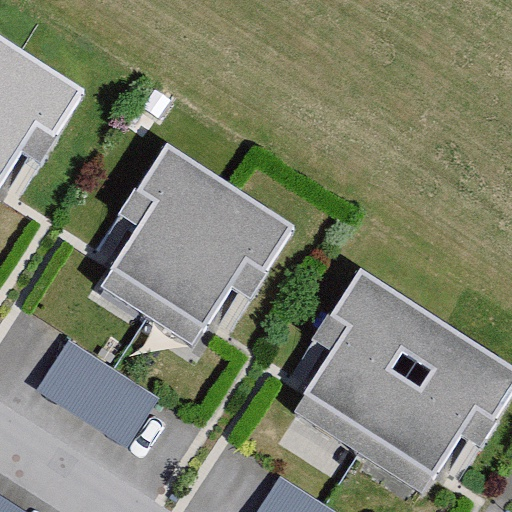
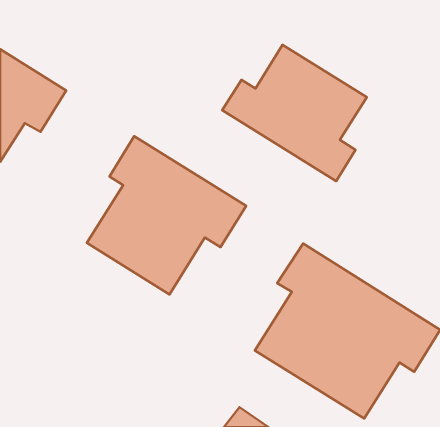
building: none -> [222,45,367,181]
building: [38,335,150,436] -> none

